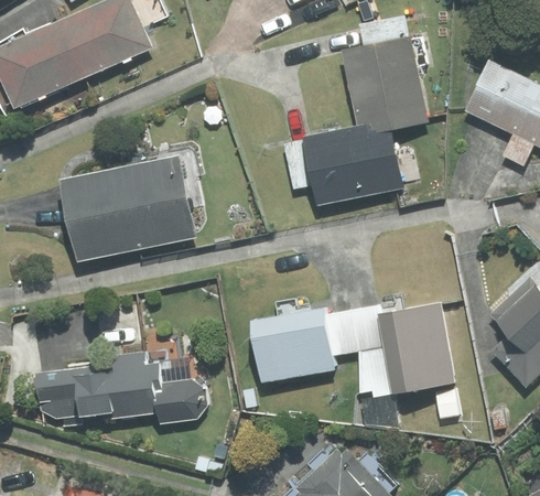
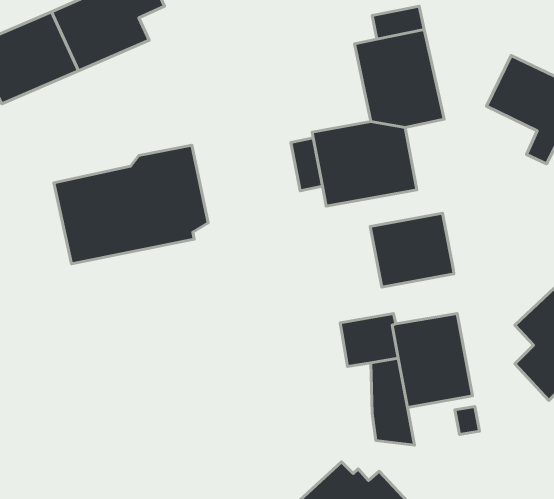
building: none -> [370,213,454,287]
building: [252,309,338,380] -> none
building: [37,331,206,425] -> none

